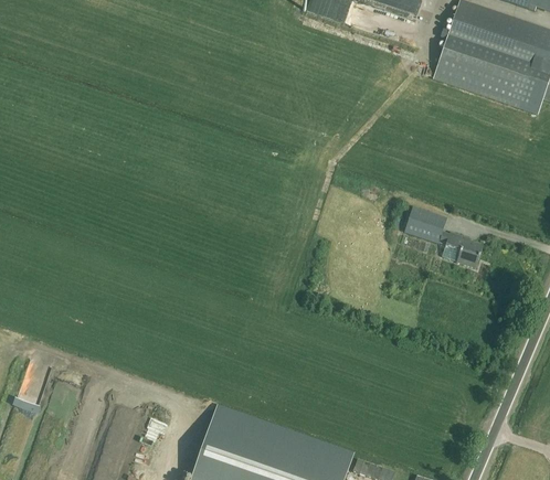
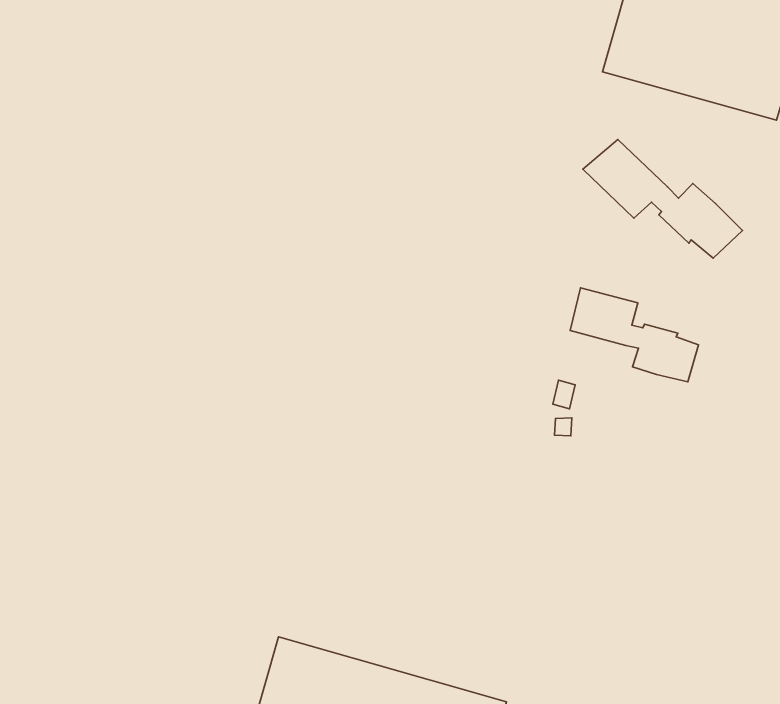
building: none -> [583,140,742,258]

